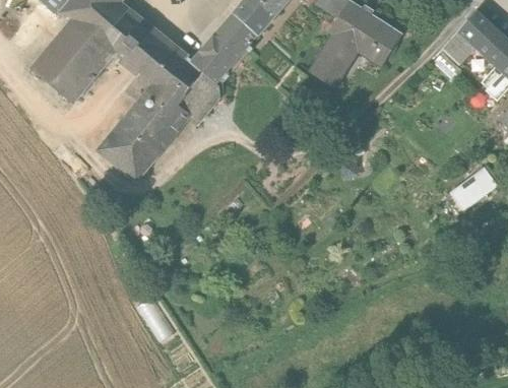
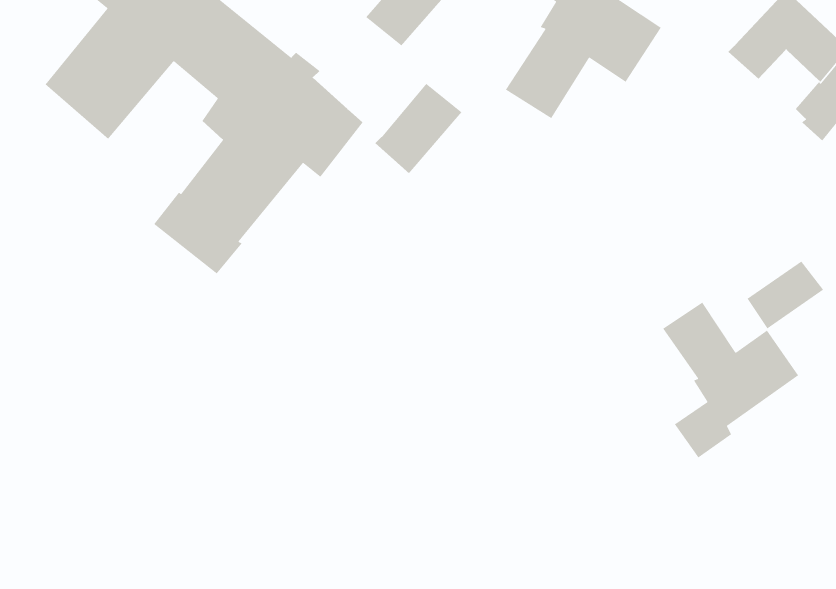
building: [195,29,247,83] -> [375,83,463,174]
building: none -> [662,301,799,458]

